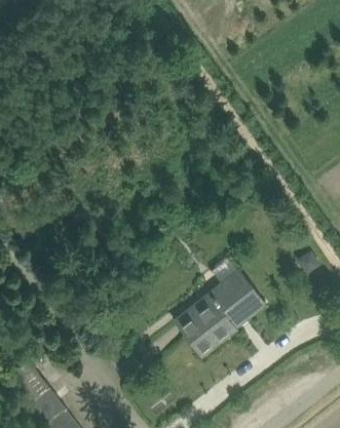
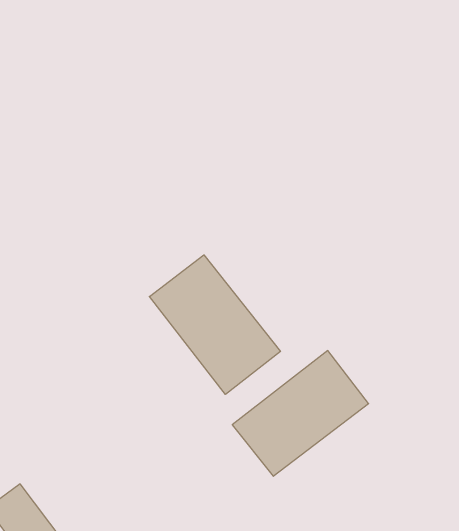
building: none -> [149,255,280,394]

